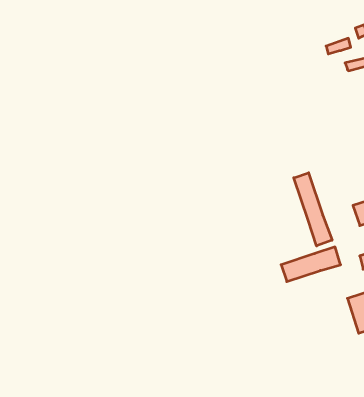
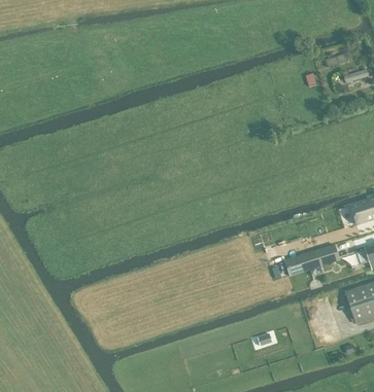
building: [294,173,332,246] -> none

